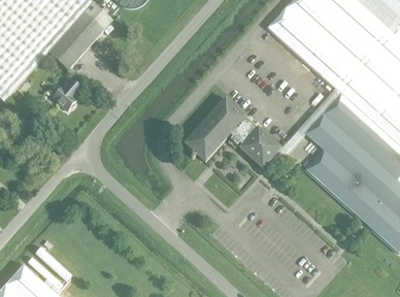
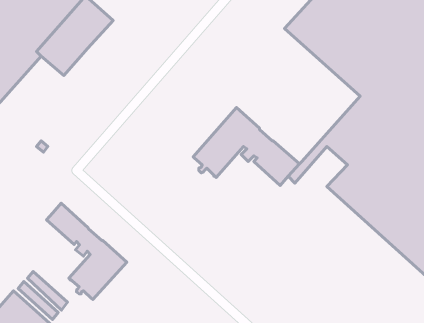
building: [54,79,82,110] -> none
building: none -> [46,203,127,300]

